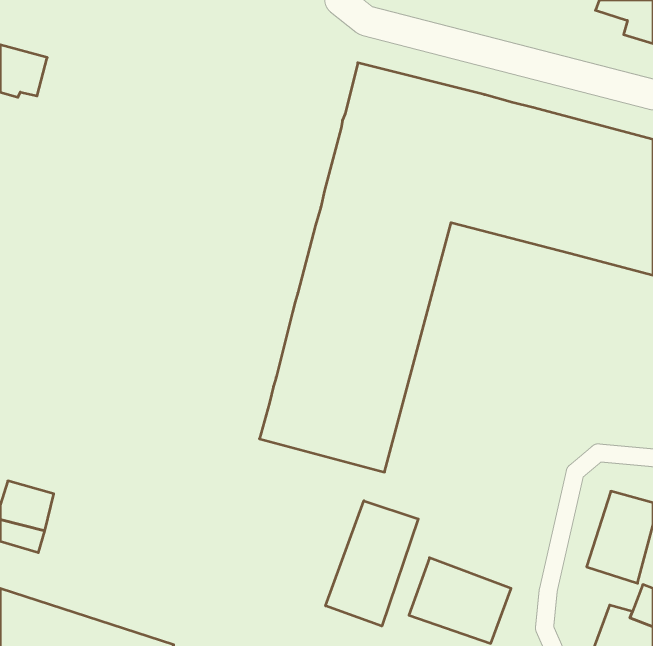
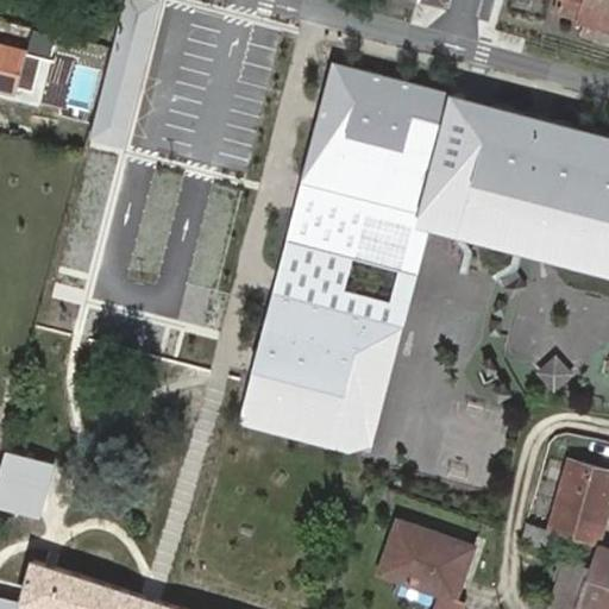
building: [326,501,418,626] -> none

